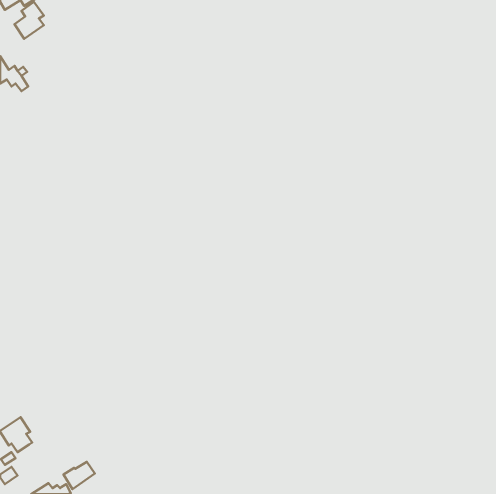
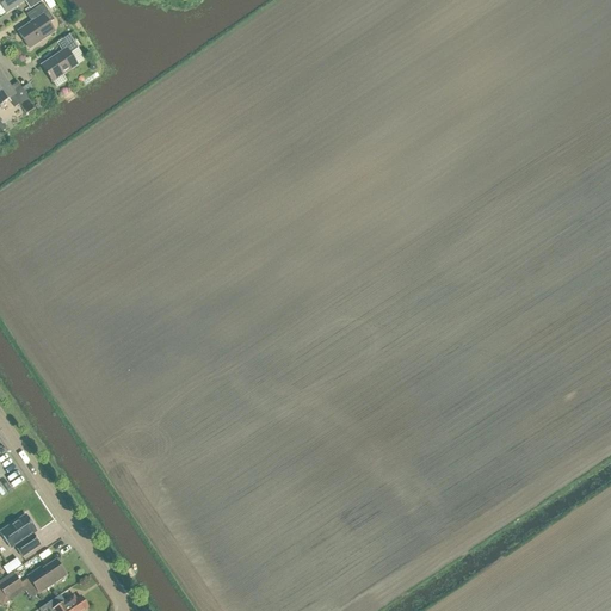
building: none -> [42,35,78,80]
building: [64,462,95,489] -> [27,560,66,593]

